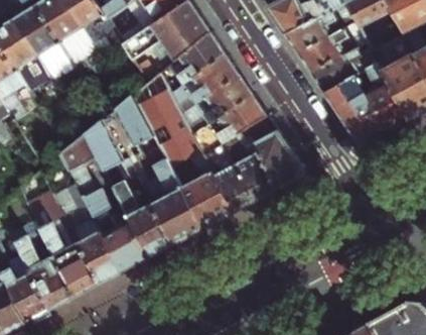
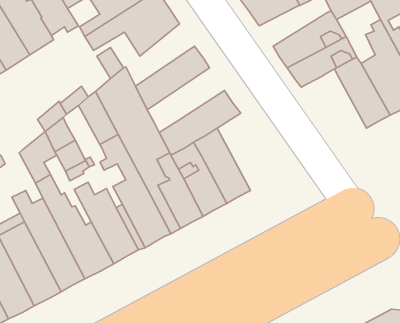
building: [285,16,348,53] -> none
building: [160,32,225,91] -> none
building: [180,74,253,134] -> none
building: [324,75,386,144] -> none
building: [246,116,301,189] -> none

